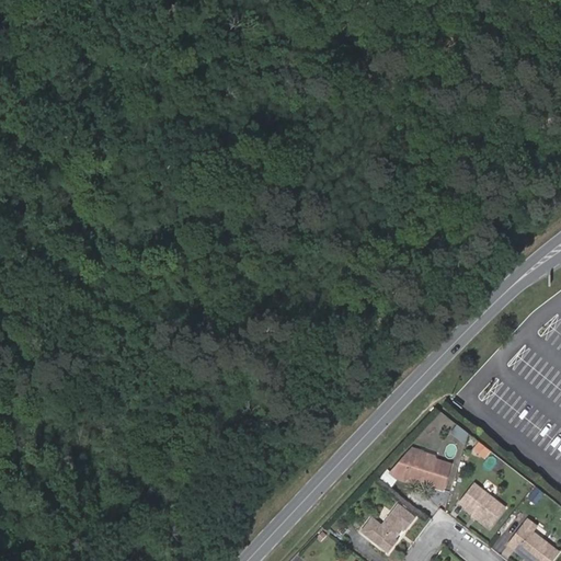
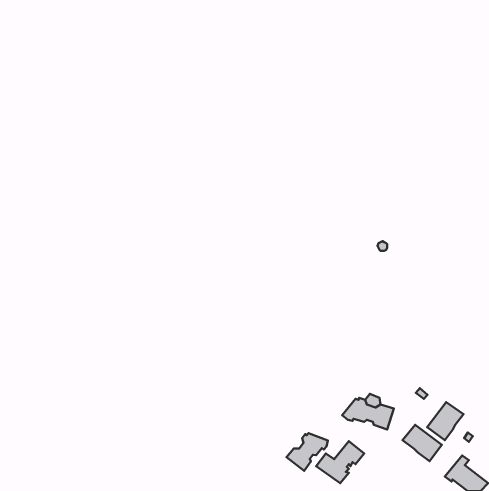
building: none -> [427,402,463,440]
building: none -> [287,433,328,471]

